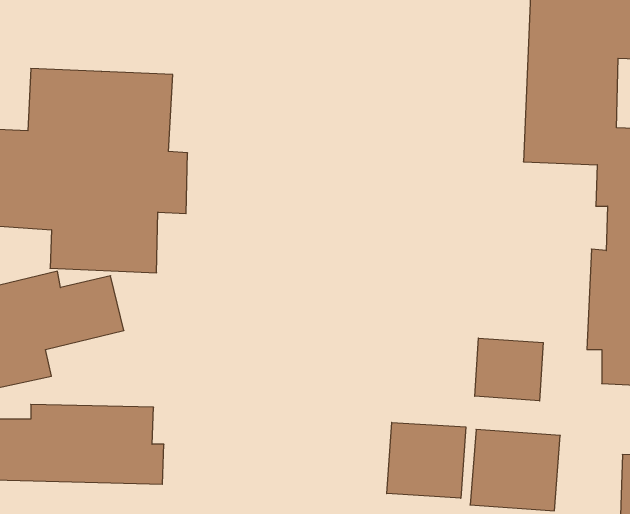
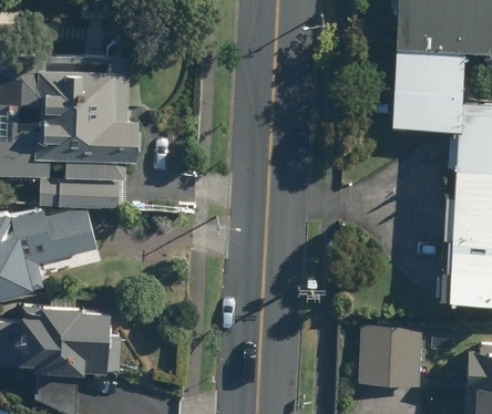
building: [475,338,543,401] -> none
building: [387,422,466,498] -> none

